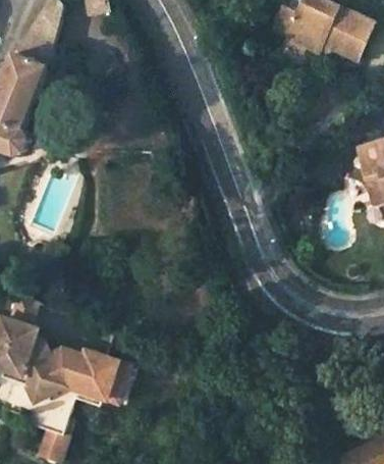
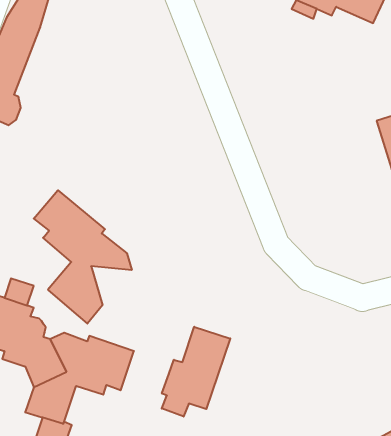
building: none -> [34,190,132,324]
building: none -> [162,327,230,417]

